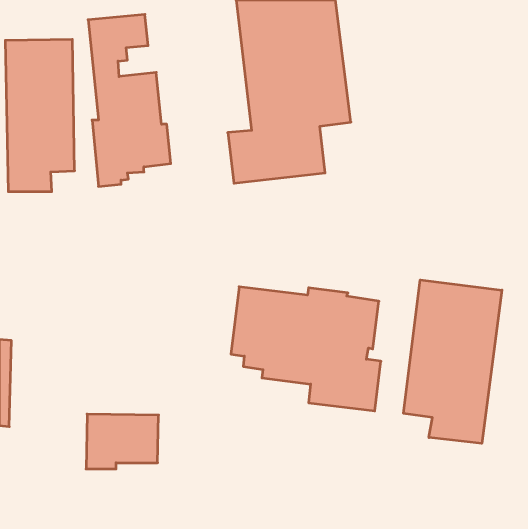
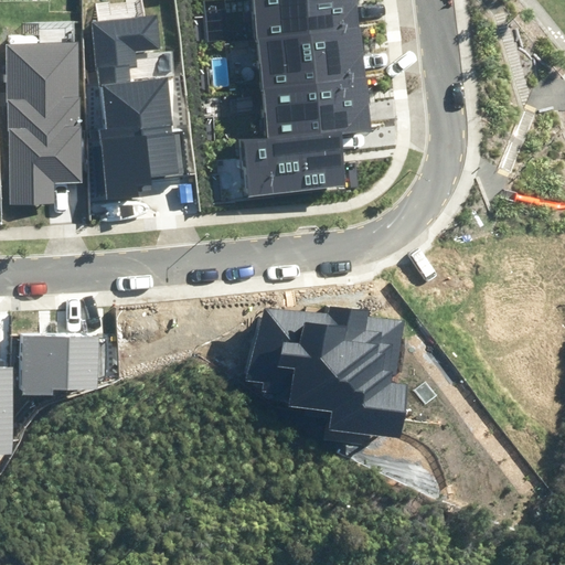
building: [404,280,502,443] -> none
building: [86,414,159,469] -> [20,337,97,395]

